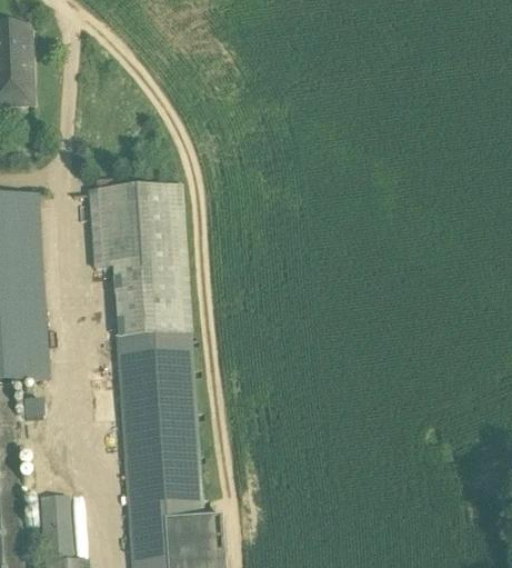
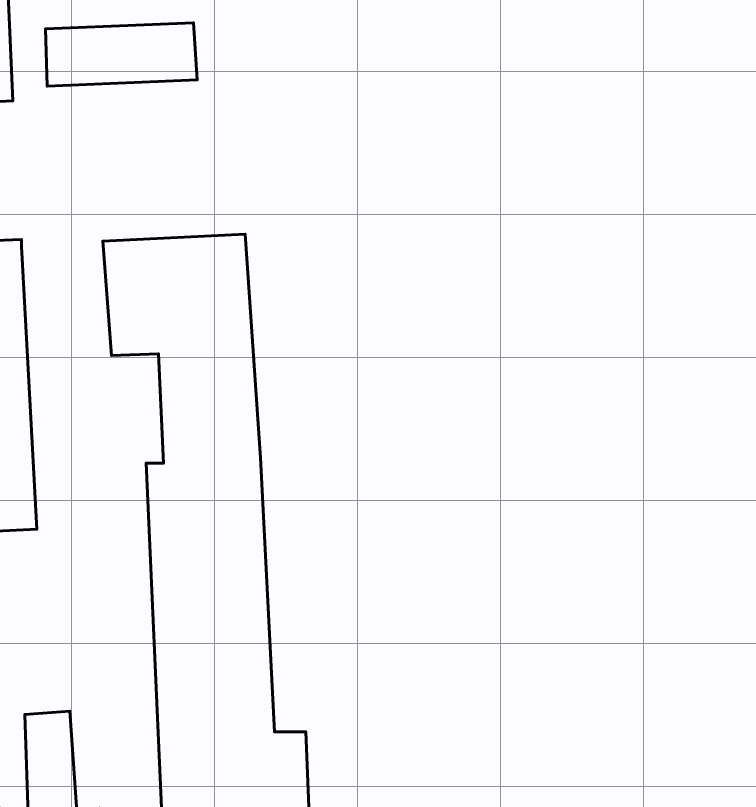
building: none -> [46,23,197,86]

